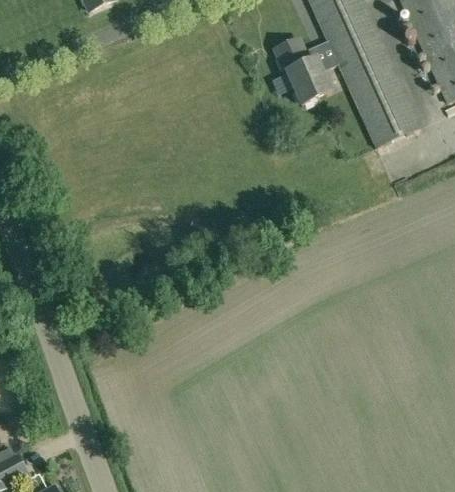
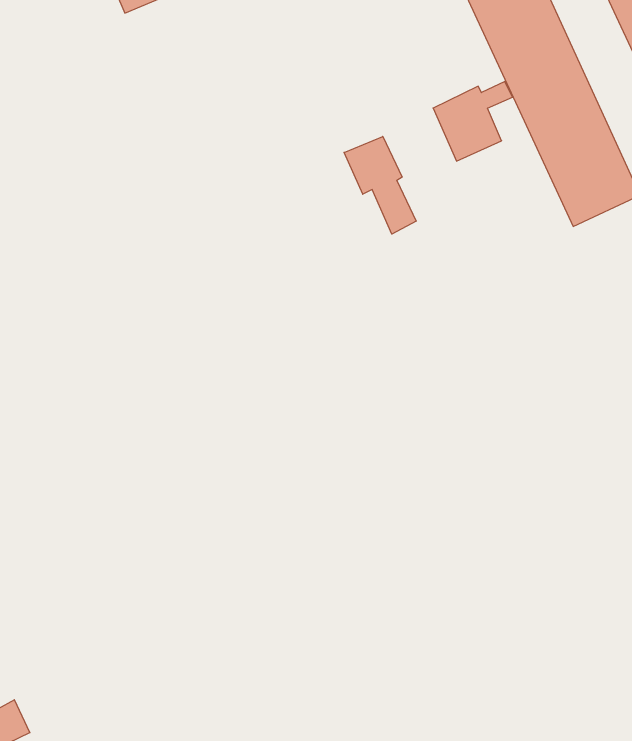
building: [273,36,307,71] -> none
building: none -> [344,136,416,234]

